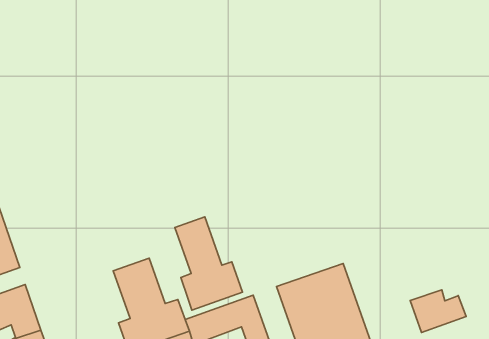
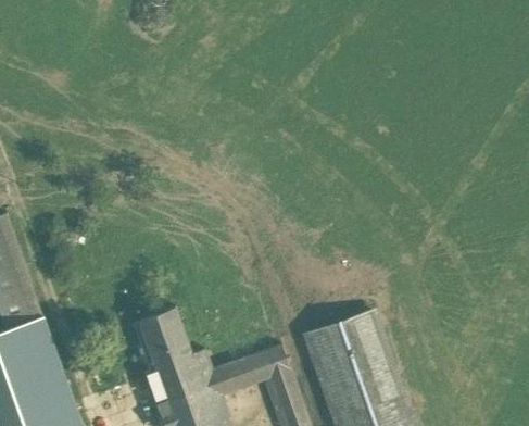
building: [175,217,242,310] -> none
building: [410,290,466,333] -> none

